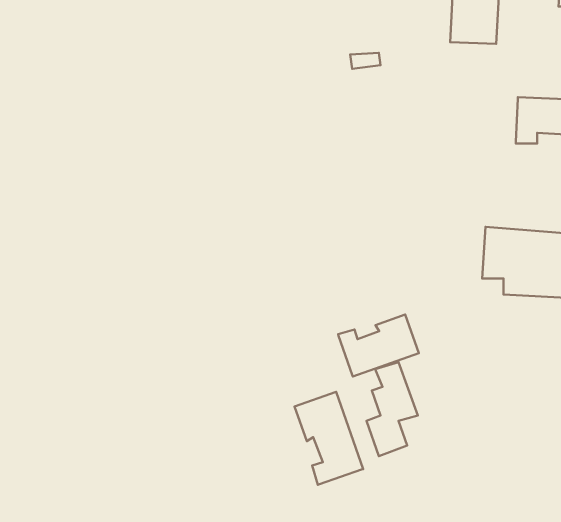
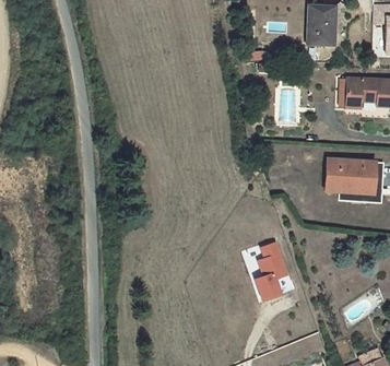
building: [338,314,419,376] -> none
building: [294,392,363,485] -> none

